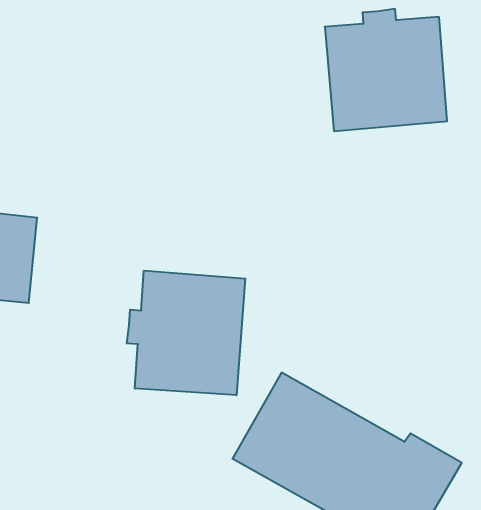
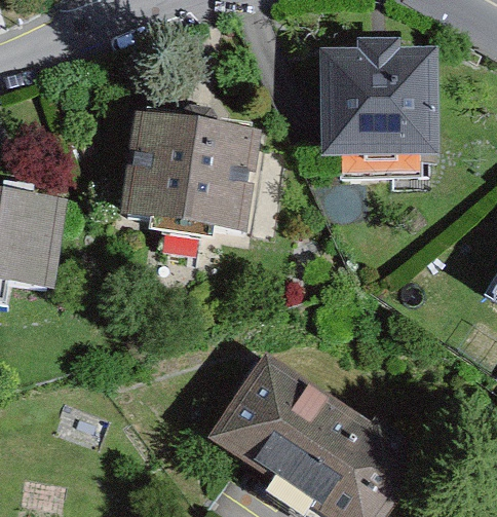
building: none -> [126,112,249,229]
building: [127,271,245,395] -> none

